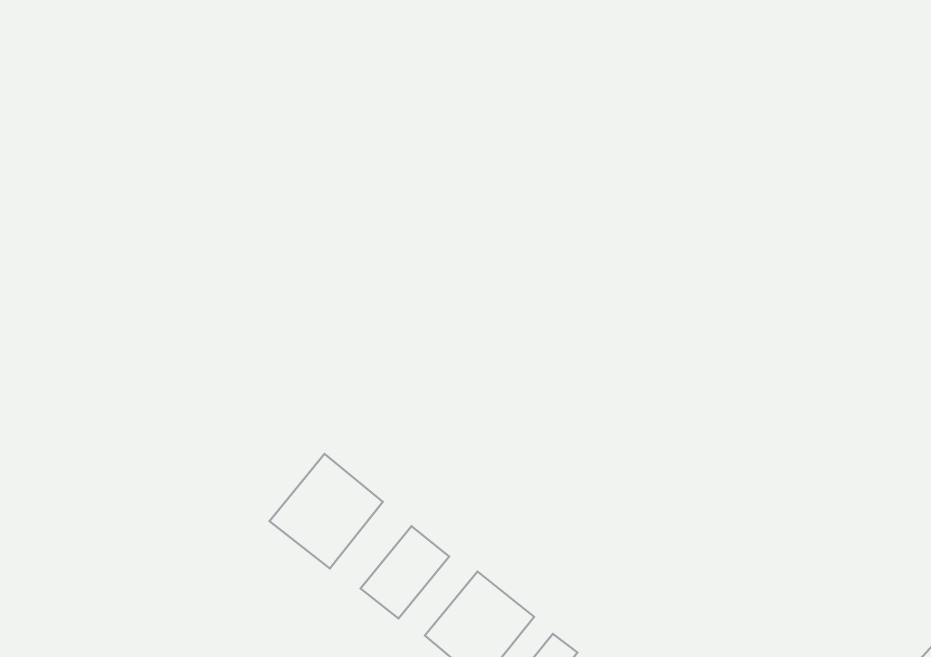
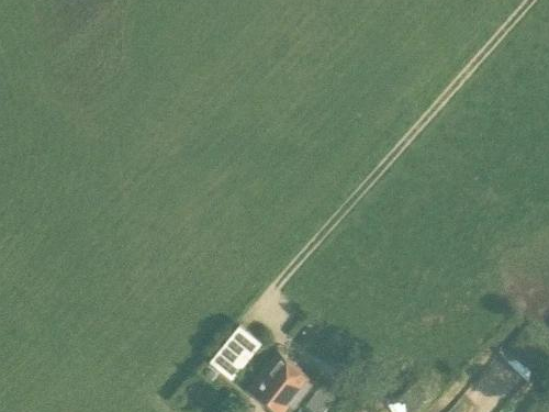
building: [269,454,383,569] -> none

